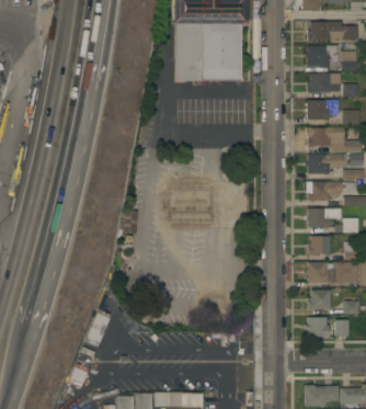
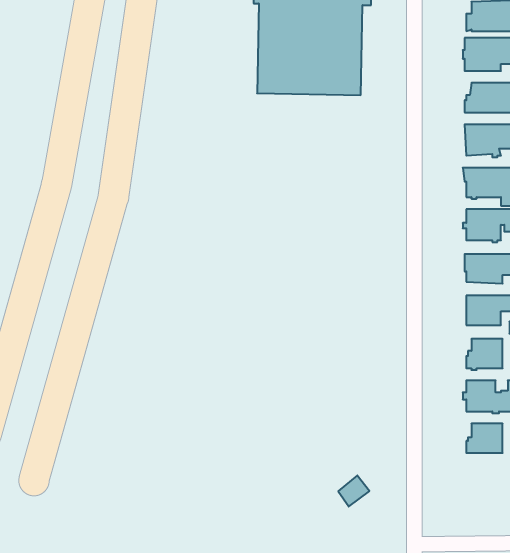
building: [306,317,330,339] -> none

